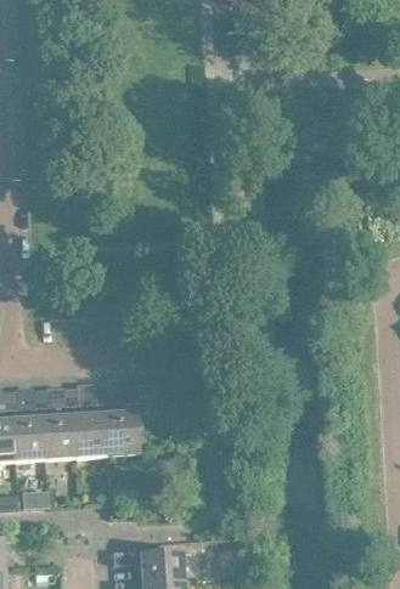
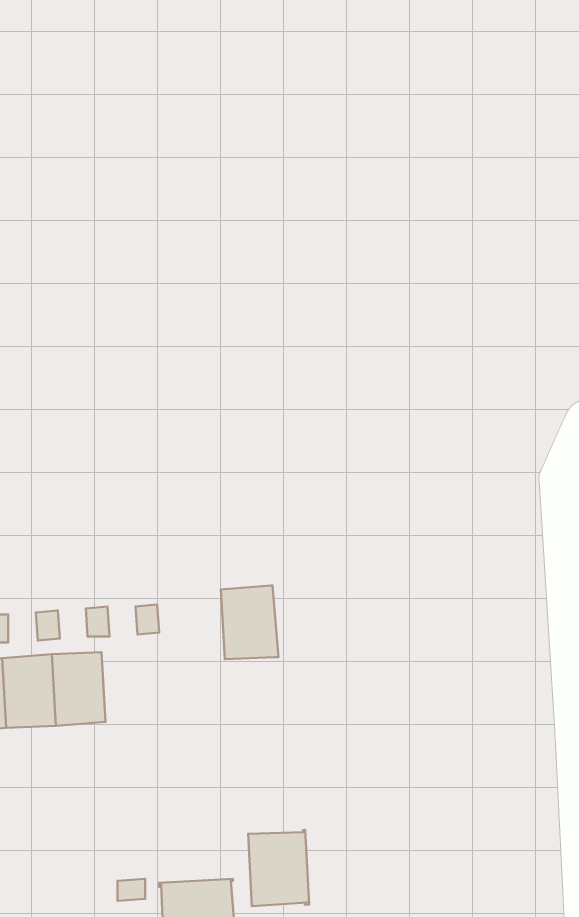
building: [103,409,139,454] -> [221,586,279,659]
building: none -> [248,830,309,906]

